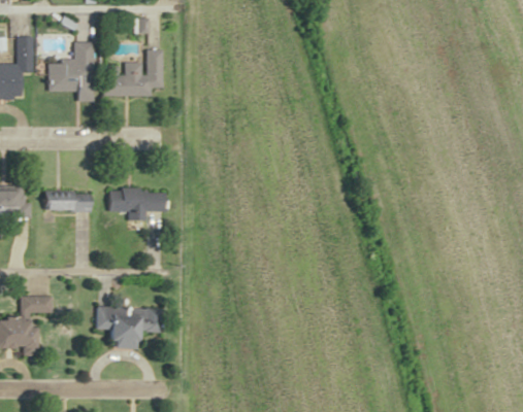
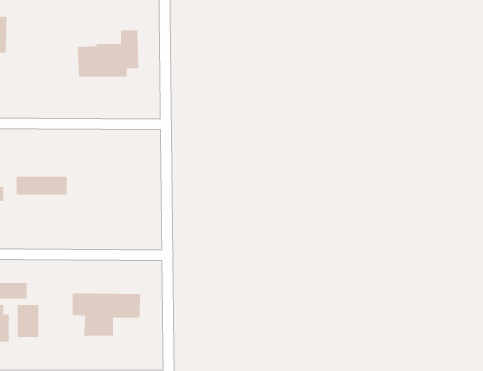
building: [47,42,94,92] -> none
building: [107,190,164,220] -> none
building: none -> [17,304,39,338]

